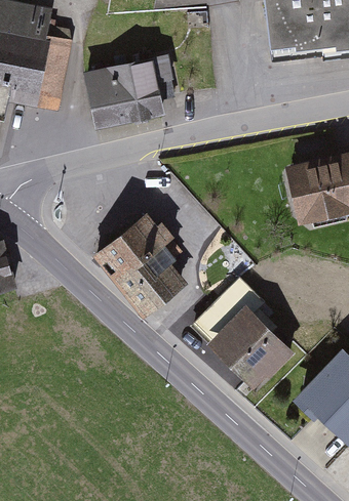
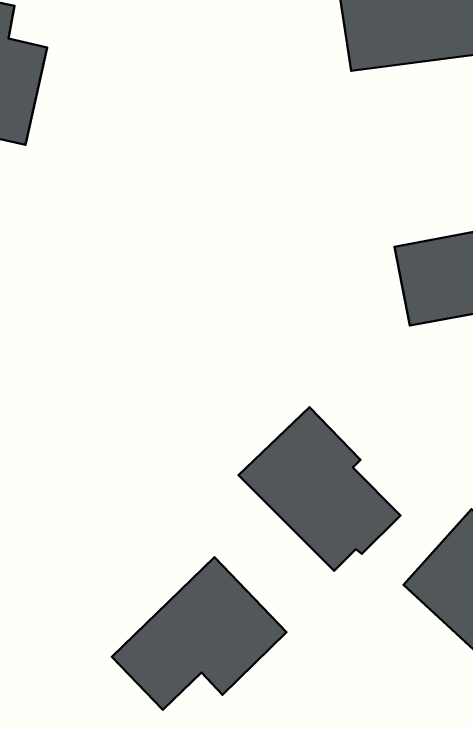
building: [85,57,179,131] -> none
building: [95,210,190,318] -> none
building: none -> [112,557,286,710]

